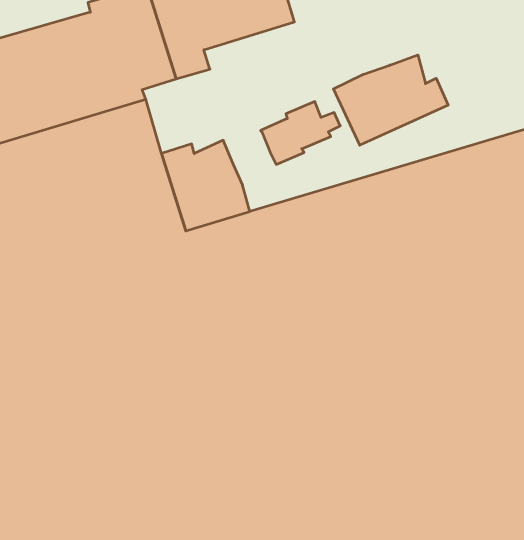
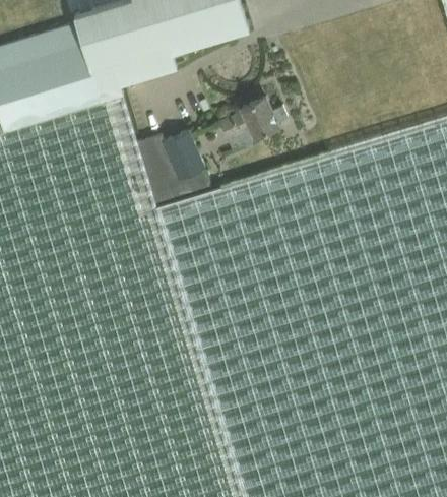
building: [333,55,448,145] -> none

